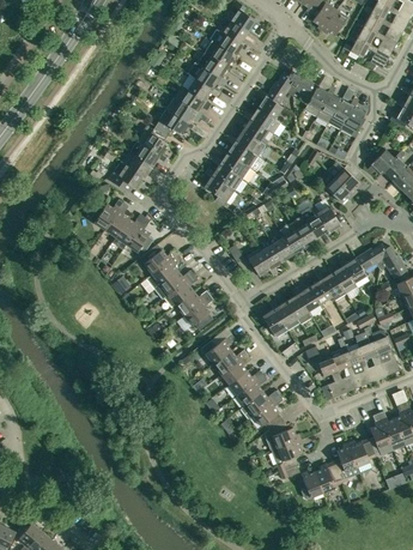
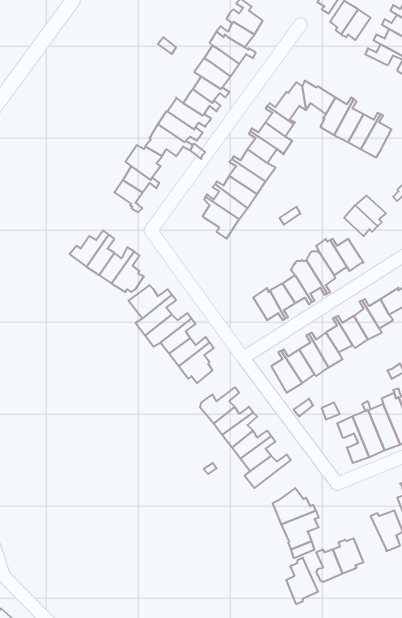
building: [108,162,142,193] -> none
building: [253,395,283,430] -> none
building: [333,443,360,483] -> [286,558,318,604]

